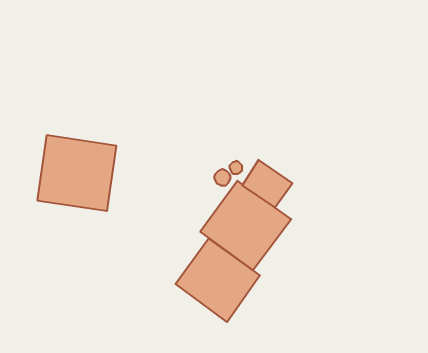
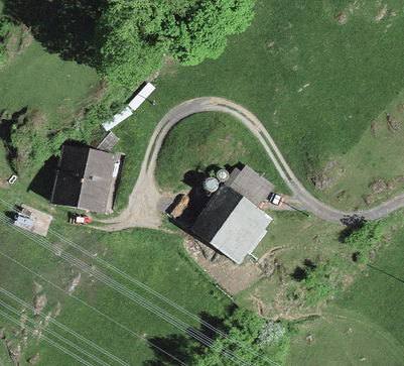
building: [175,238,260,322] -> none

